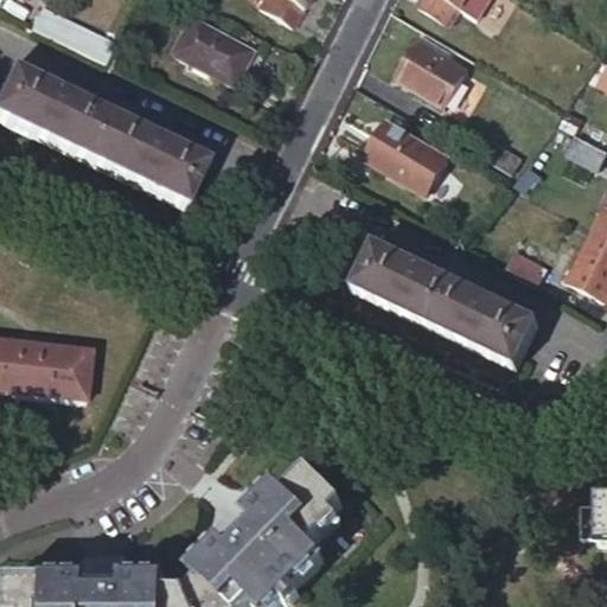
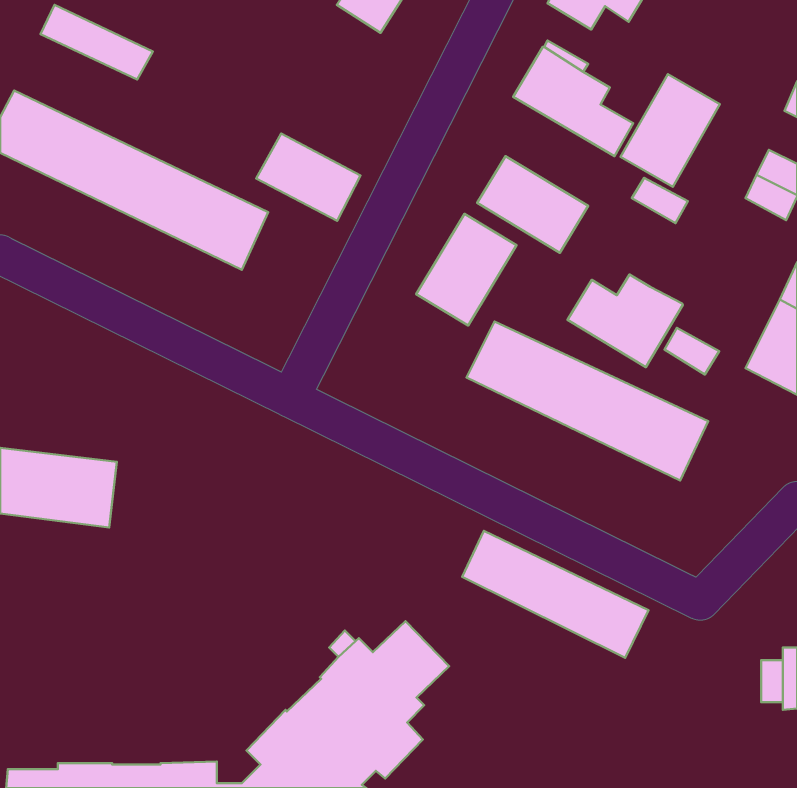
building: [171,15,250,82] -> [256,133,361,221]
building: none -> [621,74,720,187]
building: none -> [416,214,516,325]
building: none -> [567,275,683,367]
building: none -> [462,531,649,658]

